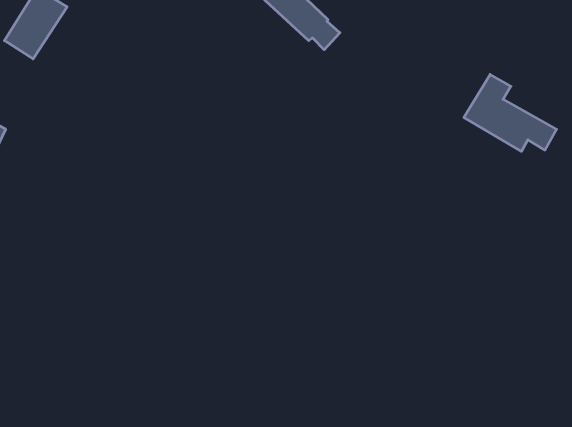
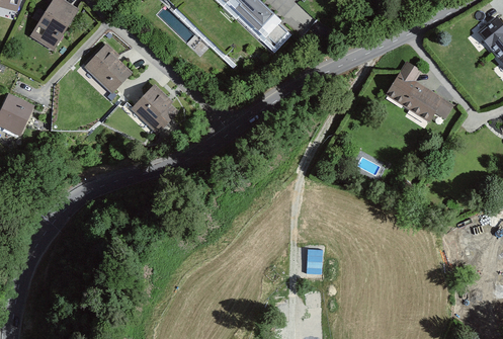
building: none -> [82,45,132,93]
building: none -> [130,85,180,136]

